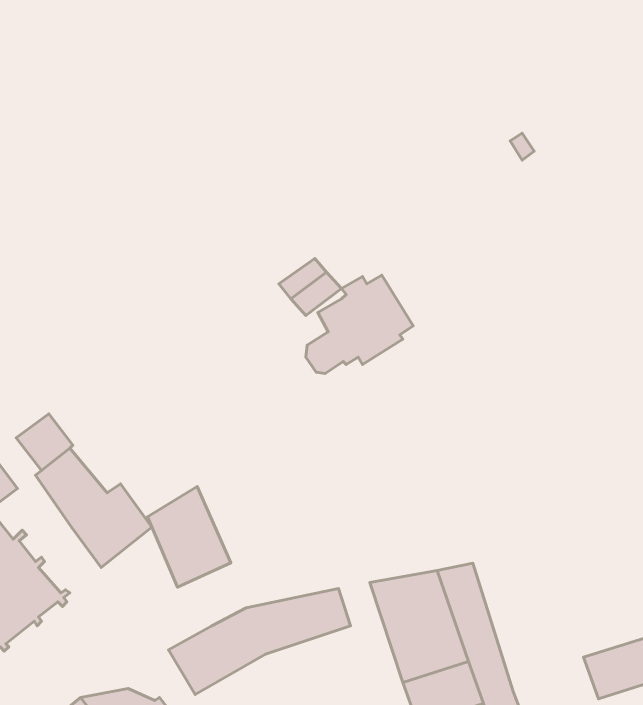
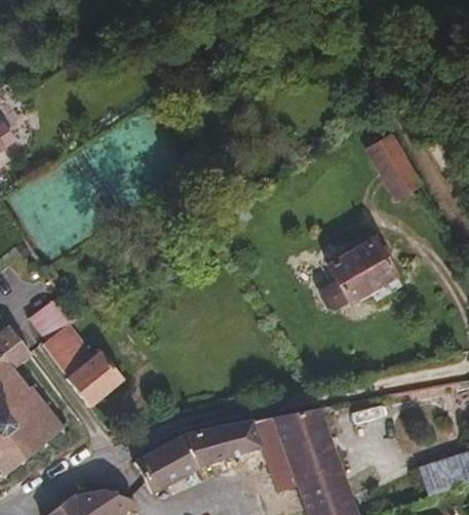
building: none -> [367,133,421,199]
building: [306,275,413,374] -> [320,240,394,308]
building: [148,486,231,587] -> none
building: none -> [250,417,295,490]

